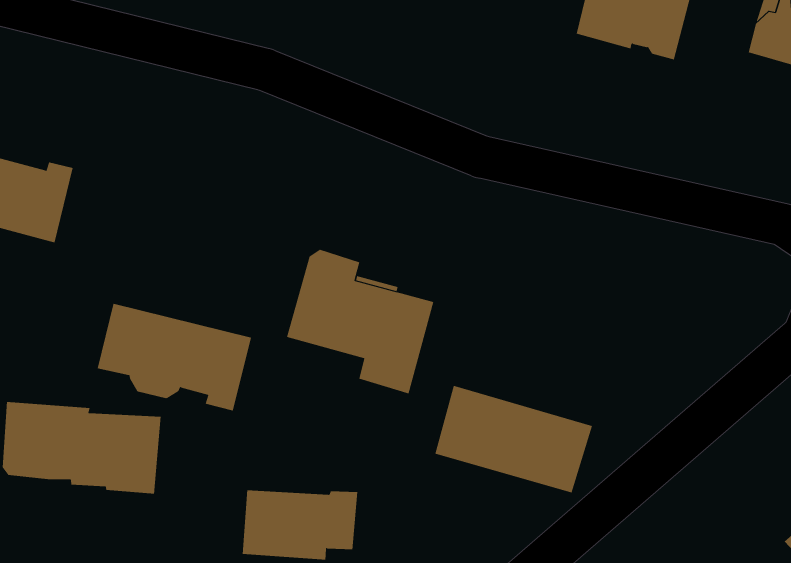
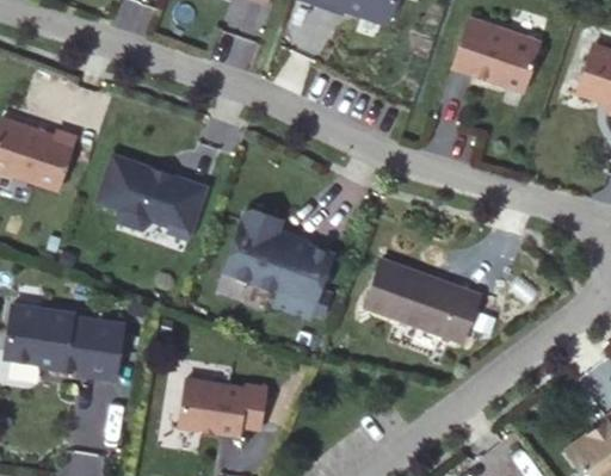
building: [97,303,252,411] -> [95,153,210,239]
building: [434,385,593,493] -> [362,261,479,347]

